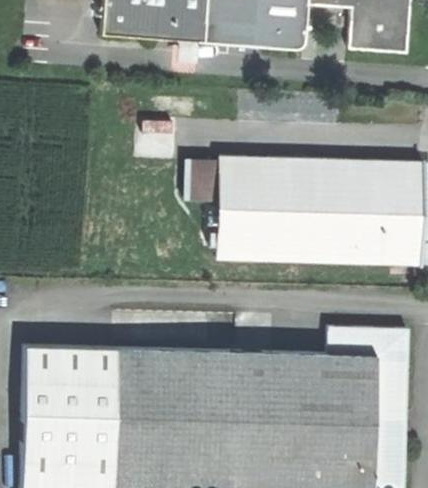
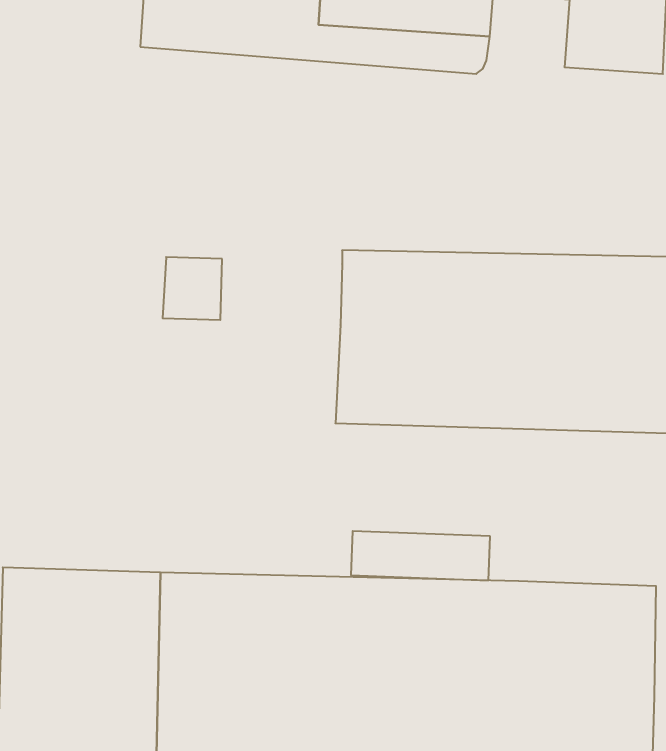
building: [188,163,223,200] -> [163,257,222,320]
building: [327,325,409,354] -> [351,531,490,580]

